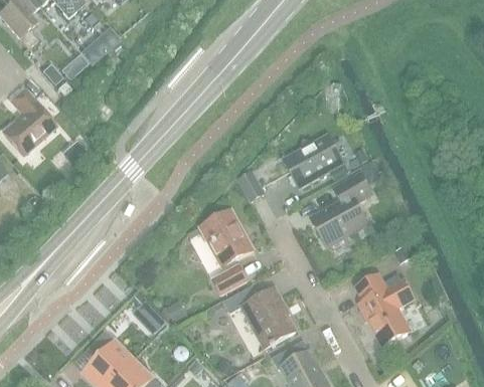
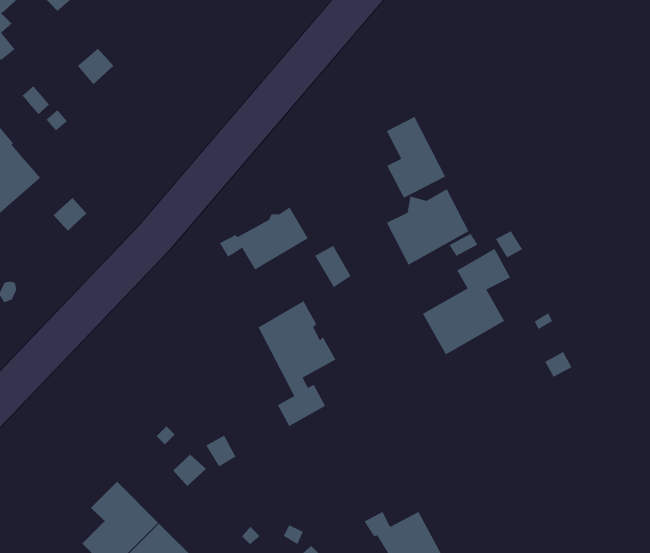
building: none -> [386,116,446,199]
building: none -> [219,207,309,270]
building: [355,273,414,345] -> none
building: [223,284,296,347] -> none

